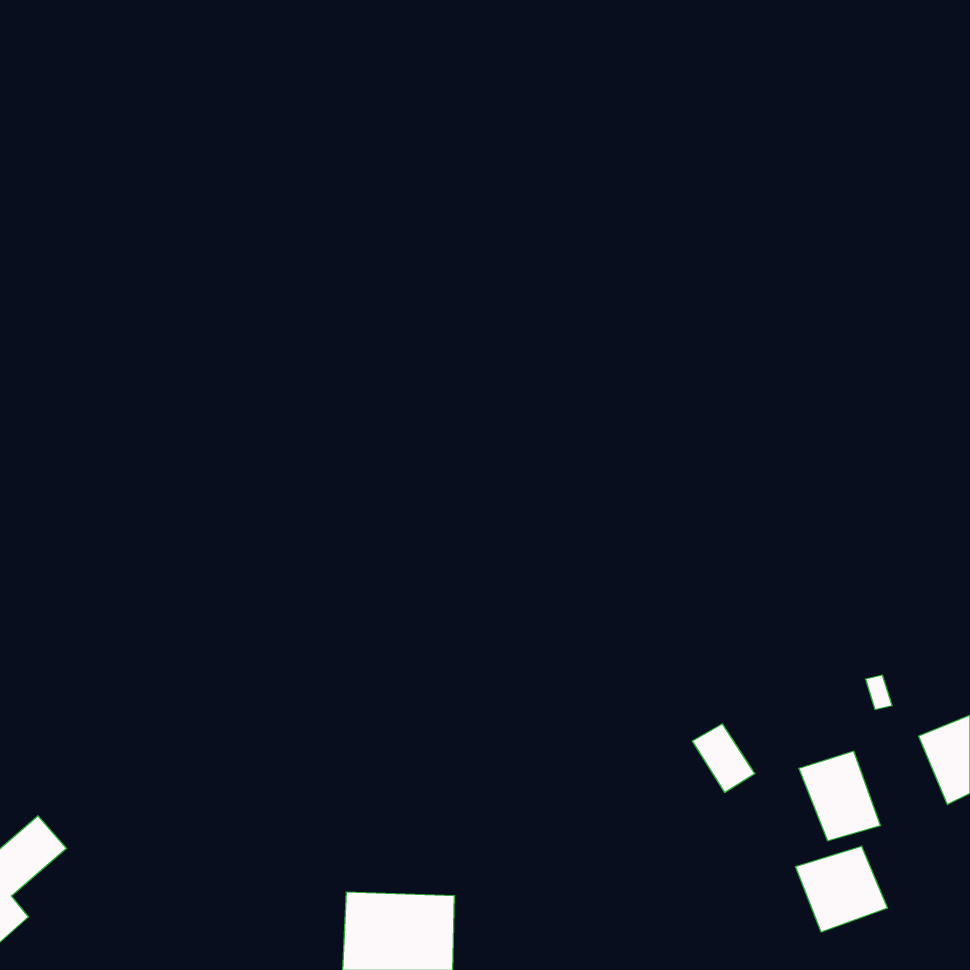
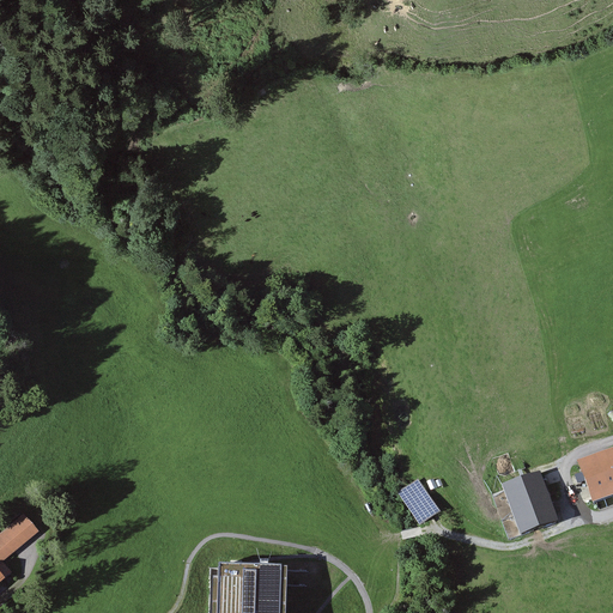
building: [692,724,755,792] -> [397,479,437,522]
building: [795,846,887,932] -> none

